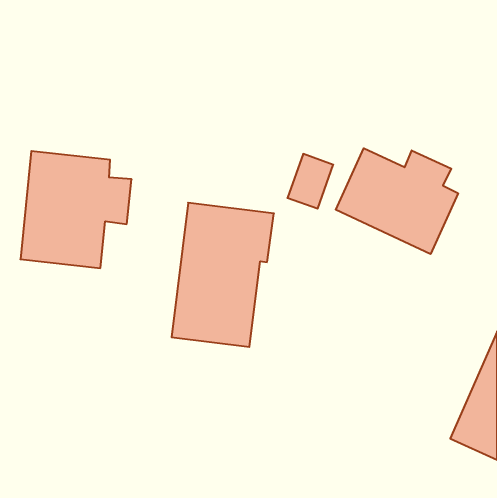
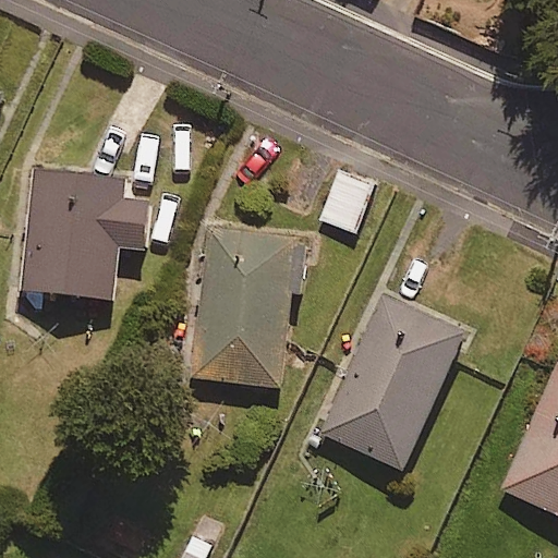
building: [336,148,458,254] -> none
building: none -> [322,298,463,470]

